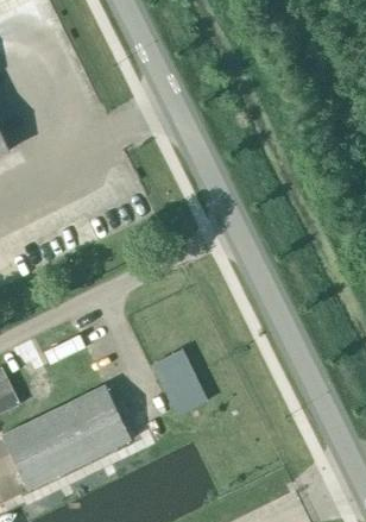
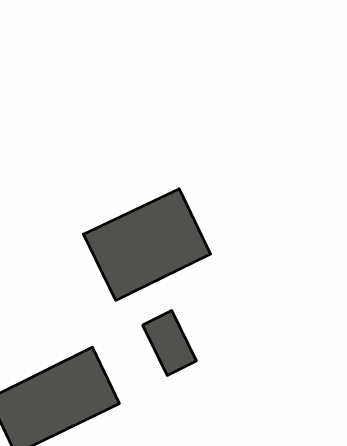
building: none -> [83,189,211,300]

